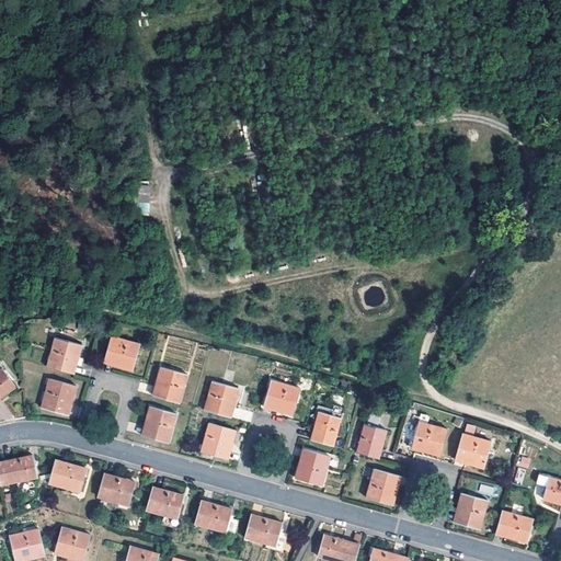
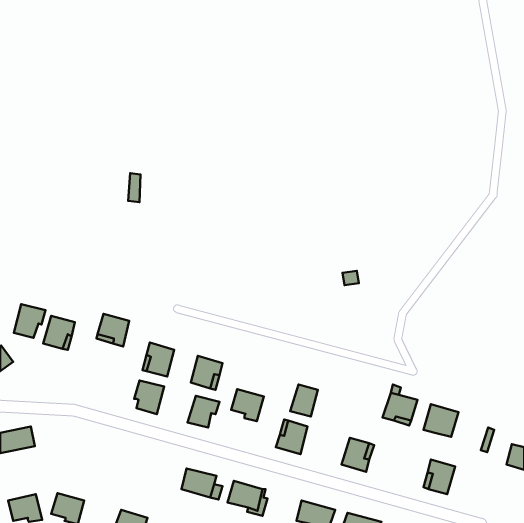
building: [41,379,75,415] -> [14,304,46,338]
building: [264,380,299,414] -> [231,389,264,421]
building: [356,424,386,458] -> none
building: [48,460,87,492] -> none
building: [96,474,135,506] -> none
building: [145,488,182,519] -> none
building: [494,511,531,542] -> none

